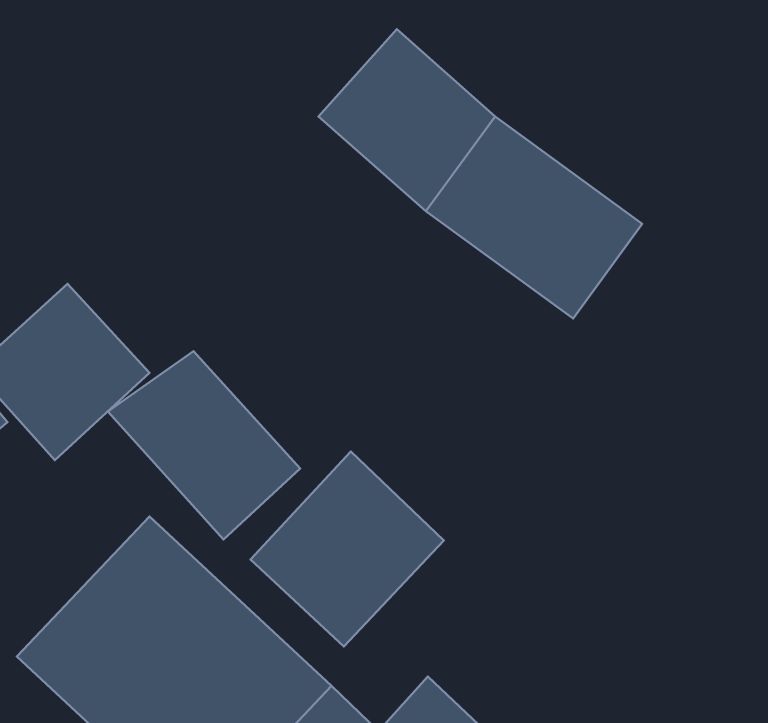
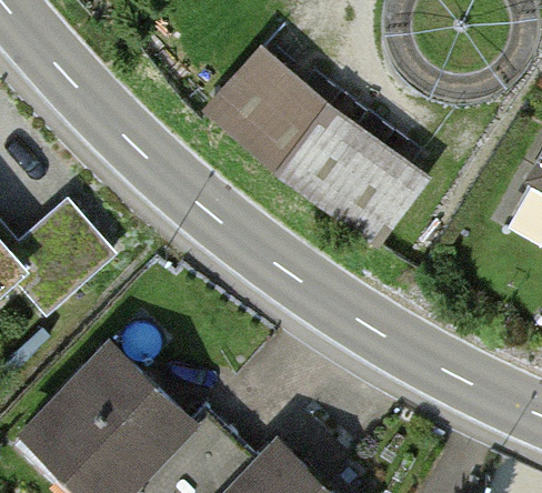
building: [108,351,300,539] -> none
building: [251,452,444,646] -> none

